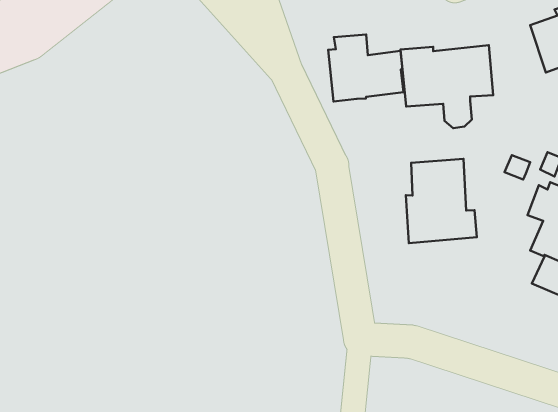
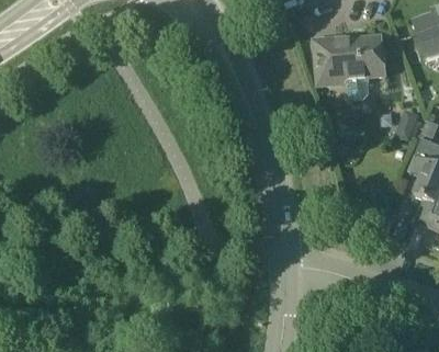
building: [328,35,404,101] -> none
building: [406,159,477,243] -> none

